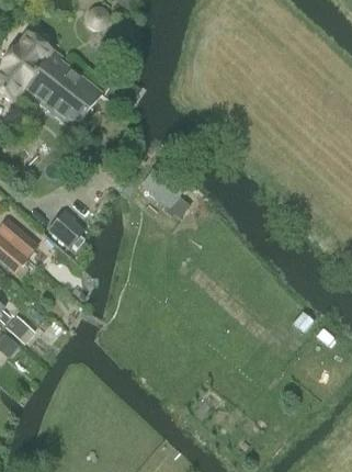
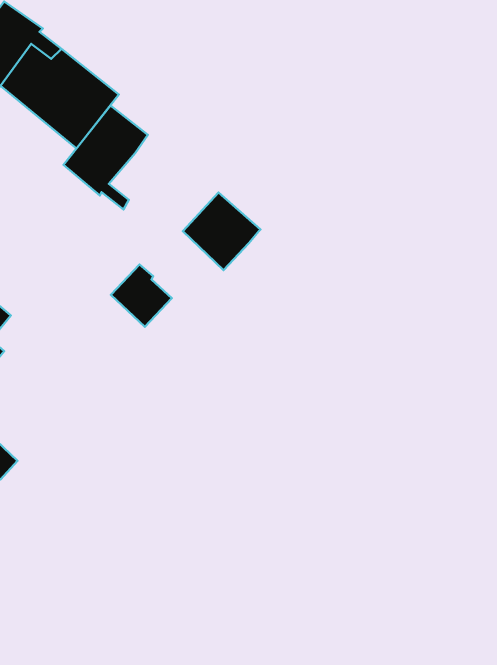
building: none -> [64,106,148,210]
building: [47,207,87,248] -> [111,264,172,327]

